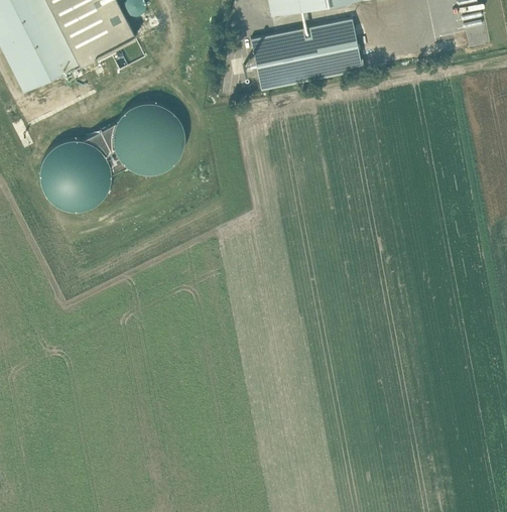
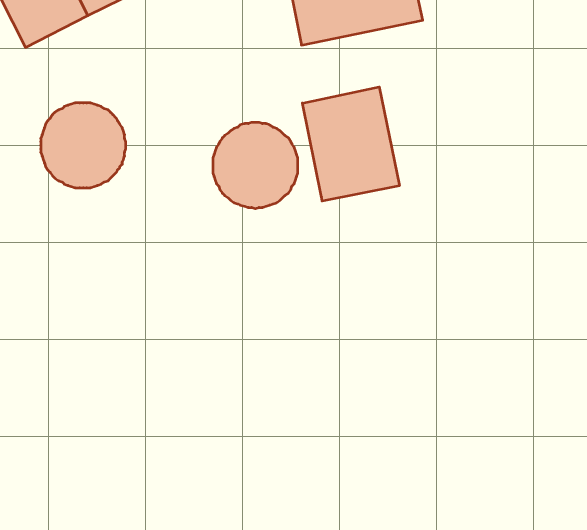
building: [113,102,185,175] -> [213,122,298,209]
building: none -> [302,87,399,201]

